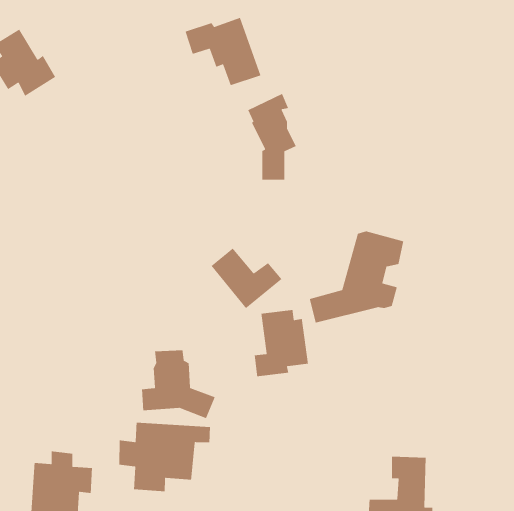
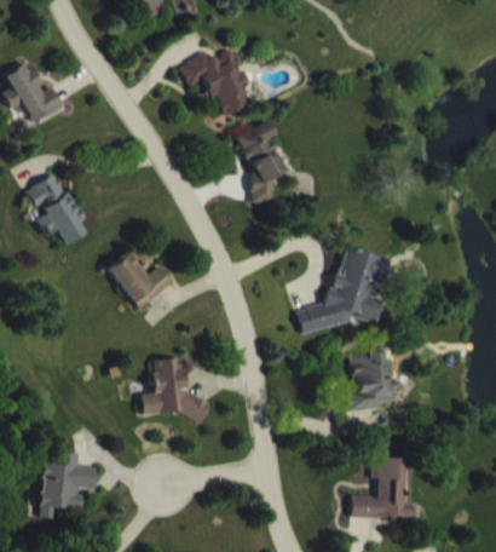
building: none -> [28,174,87,245]
building: [210,248,282,309] -> [109,253,175,310]
building: [254,309,309,377] -> [346,349,397,412]
building: [119,422,211,492] -> none

